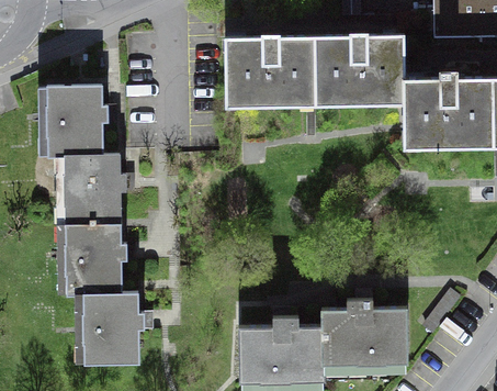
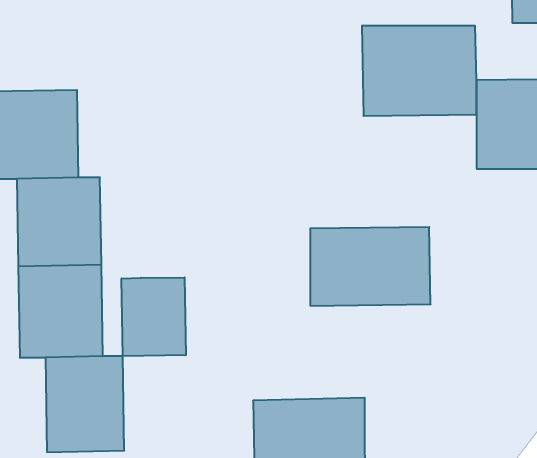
building: [230,38,324,108] -> none
building: none -> [122,277,186,356]
building: [325,305,417,366] -> [310,227,431,306]

